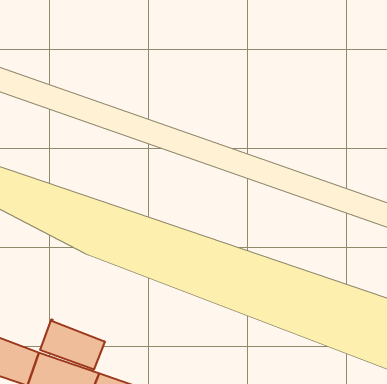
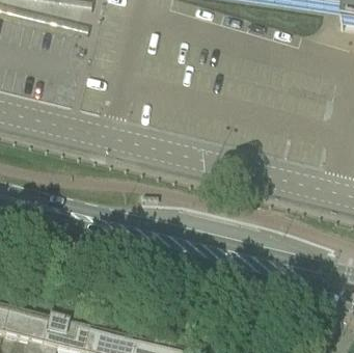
building: [40,319,105,370] -> none

